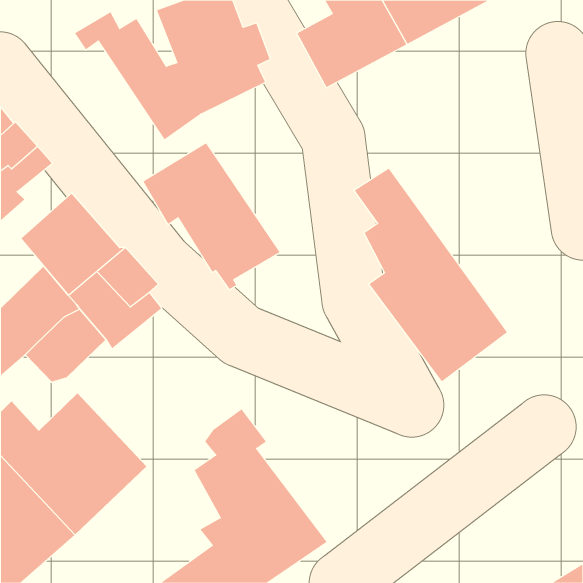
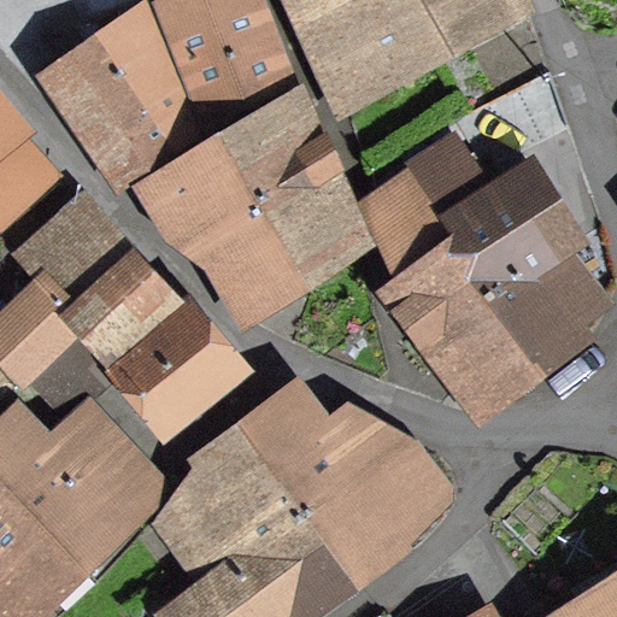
building: none -> [52,43,174,183]
building: none -> [218,104,354,266]
building: none -> [411,151,597,351]
building: none -> [118,312,243,428]
building: none -> [255,399,451,572]

